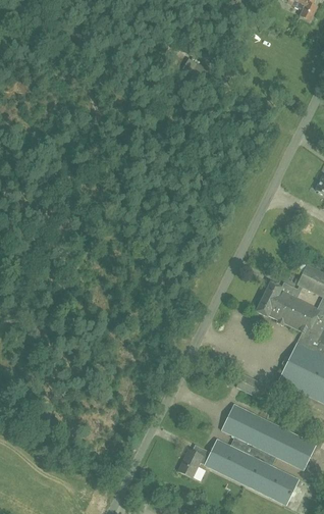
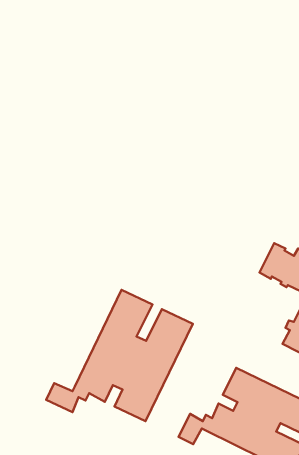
building: none -> [46,290,193,421]

